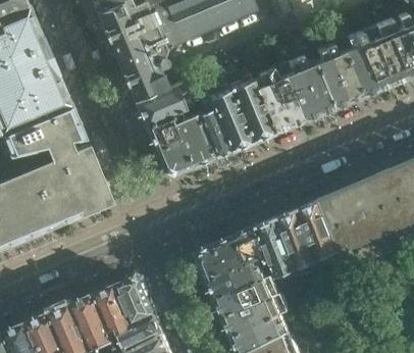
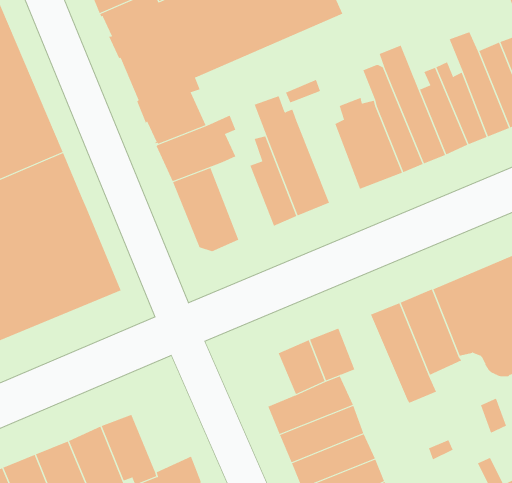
building: [228,77,271,141] -> none
building: [169,107,212,166] -> none
building: [257,217,304,283] -> none
building: [196,244,227,281] -> none
building: [115,278,156,325] -> none

